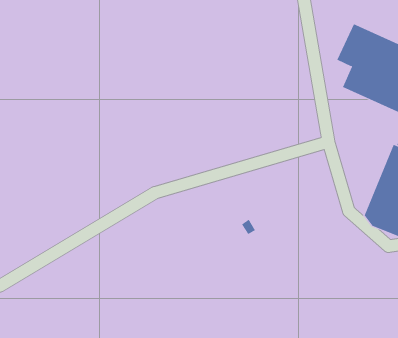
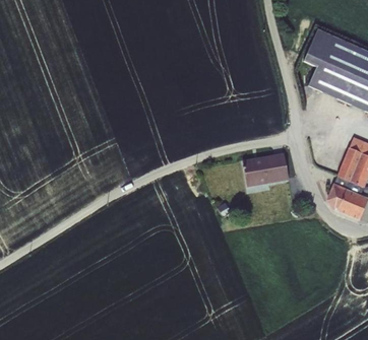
building: none -> [243,154,289,186]

